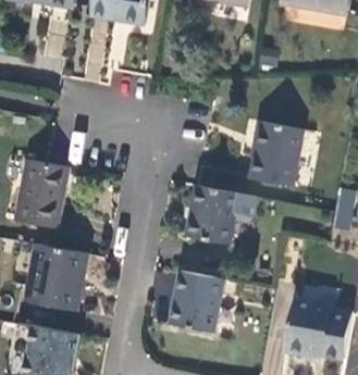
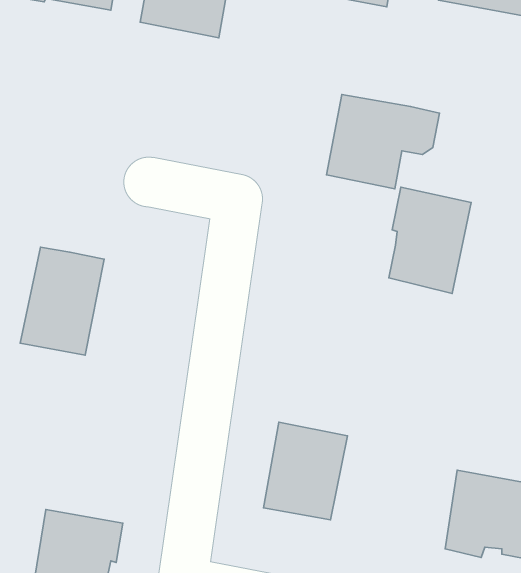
building: [186,185,258,245] -> [326,94,440,189]
building: [25,243,87,311] -> none

